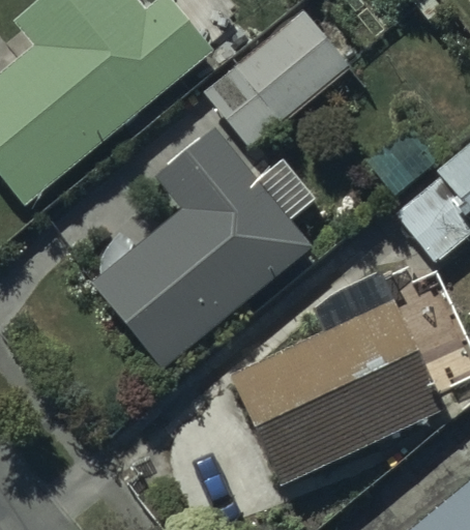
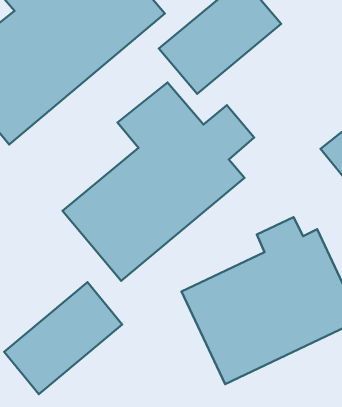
building: none -> [4,282,122,394]

